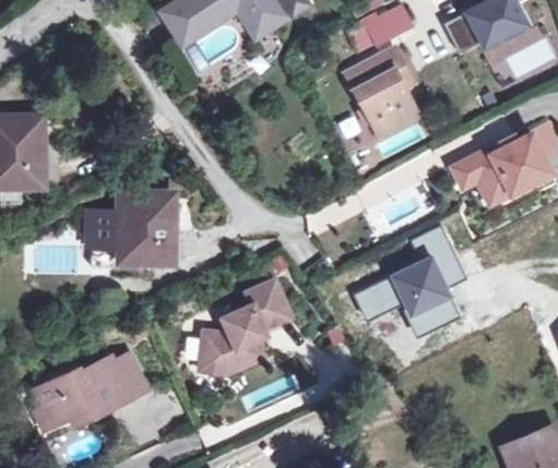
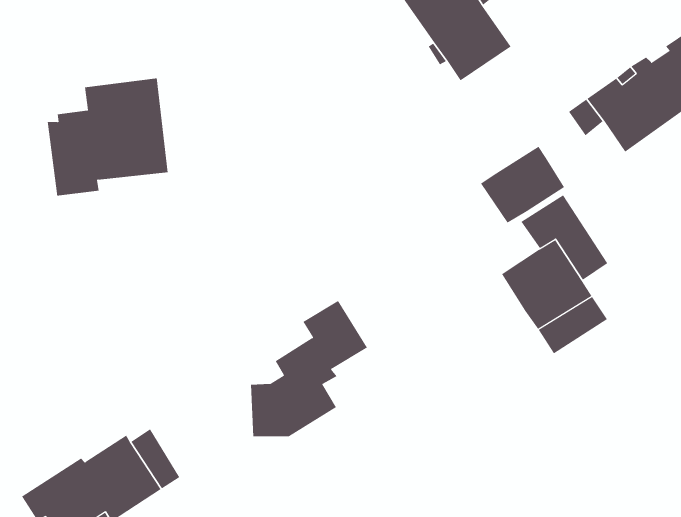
building: none -> [480,146,565,223]
building: [91,194,173,268] -> [47,78,168,196]
building: [351,277,403,324] -> none

